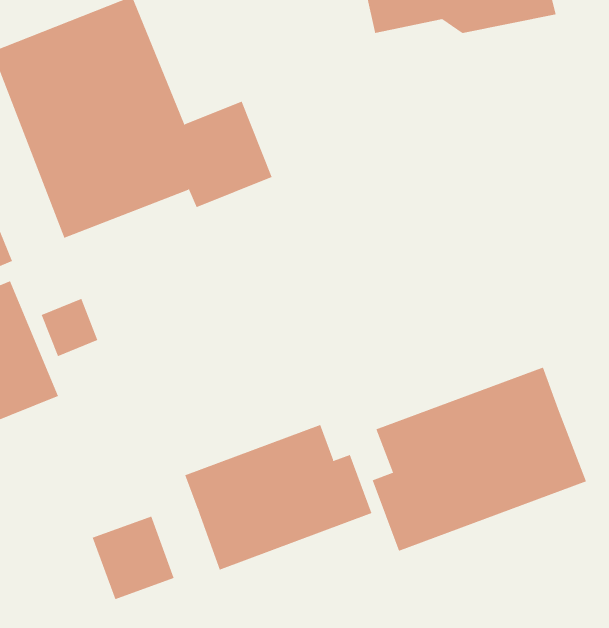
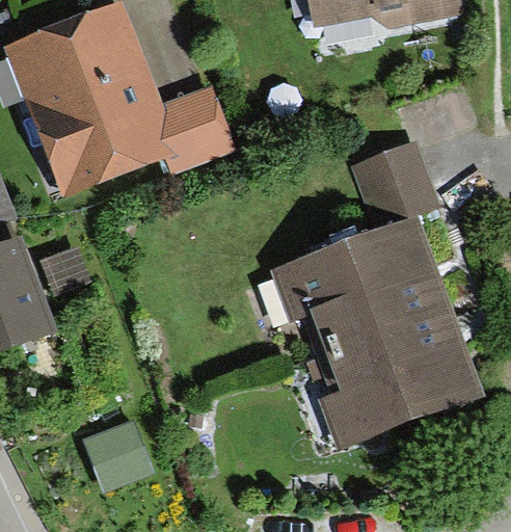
building: none -> [269,136,453,353]
building: [184,424,372,570] -> none

